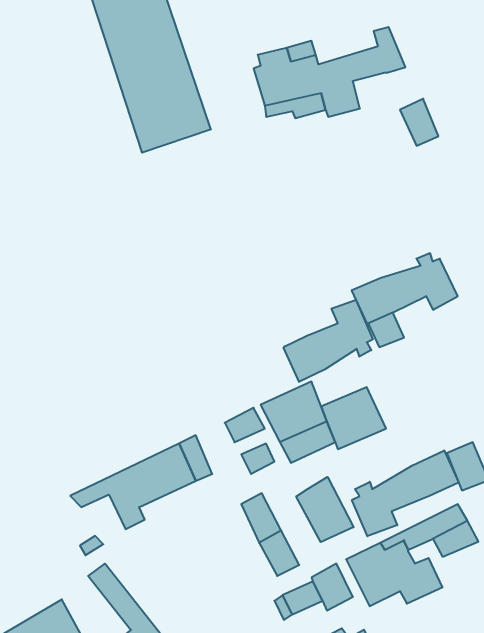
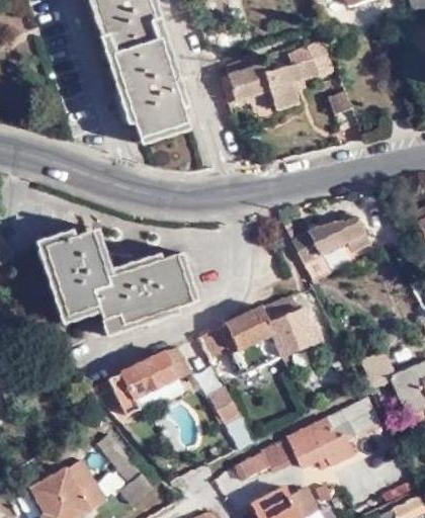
building: none -> [42,226,194,322]
building: [284,300,373,382] -> none
building: [352,450,458,536] -> none
building: [296,477,354,542] -> none

